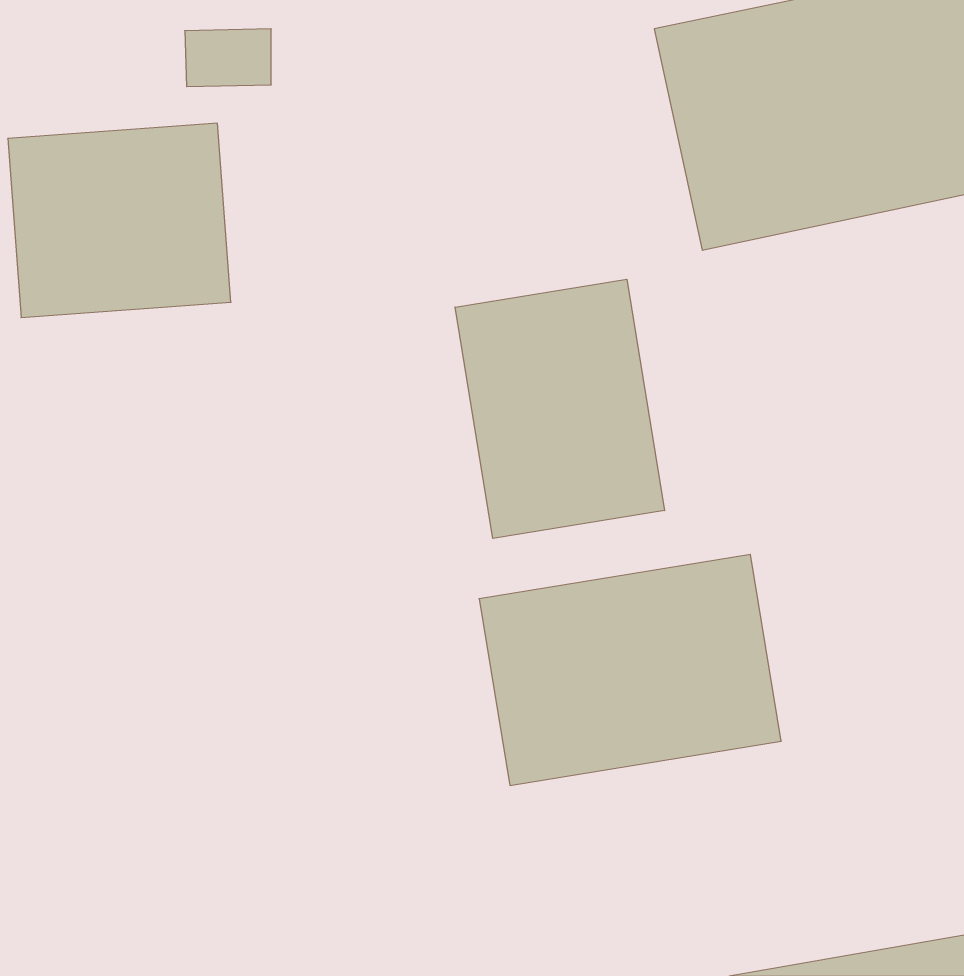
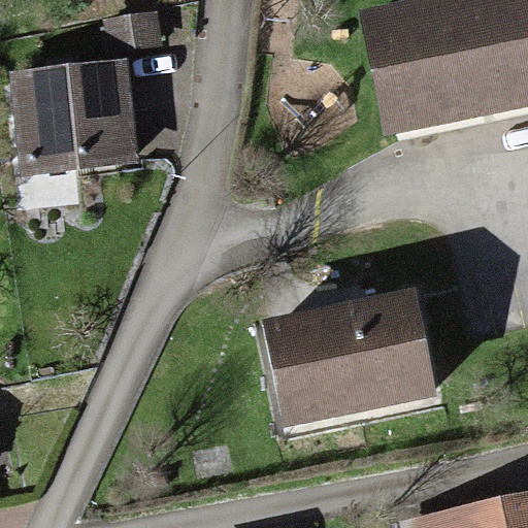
building: [455,279,665,538] -> none

